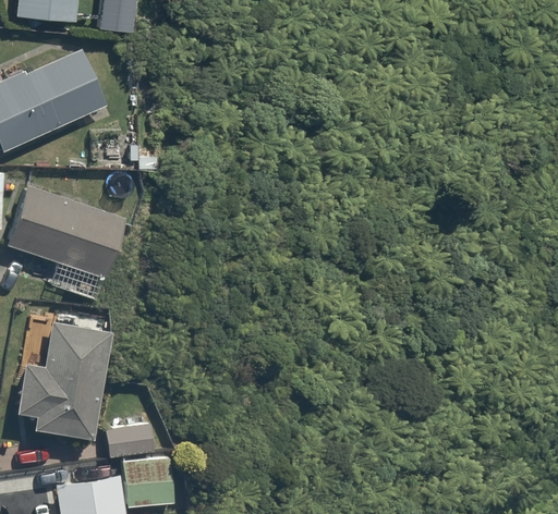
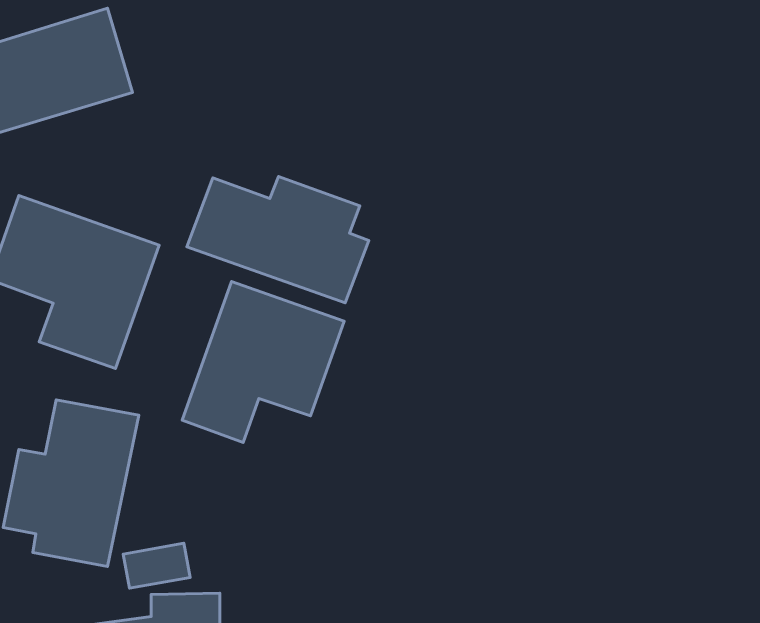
building: none -> [187,177,369,303]
building: none -> [182,281,344,442]

